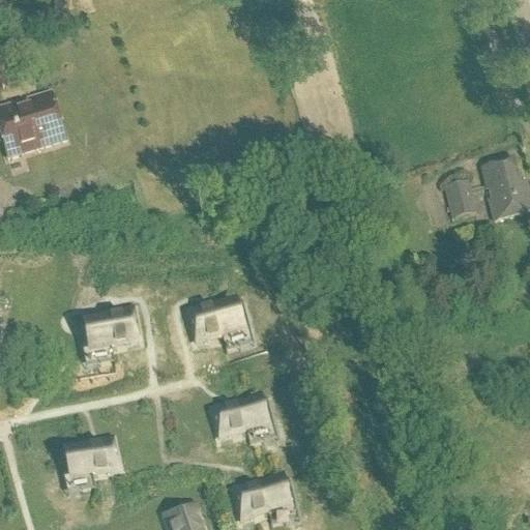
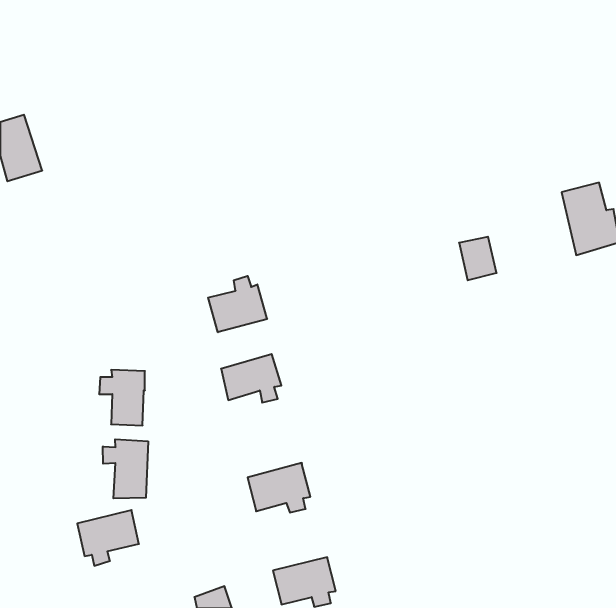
building: [22,90,66,146] -> none
building: [446,179,478,216] -> [459,237,497,280]
building: none -> [208,276,267,332]
building: none -> [103,439,148,498]

